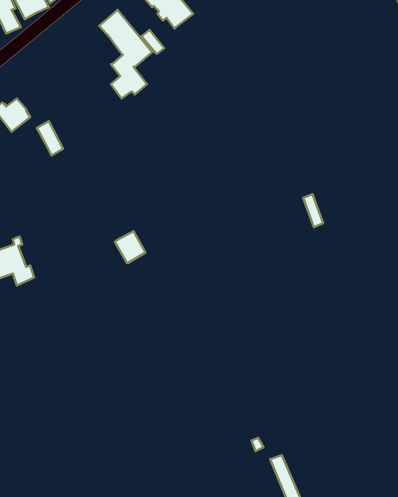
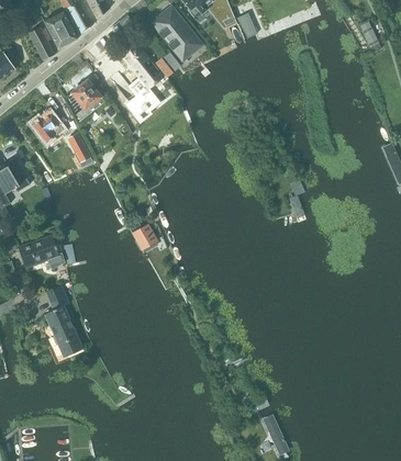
building: none -> [63,80,103,123]
building: none -> [44,284,82,357]

